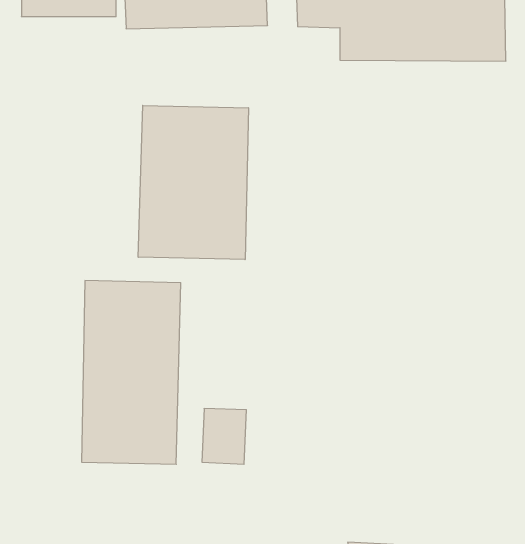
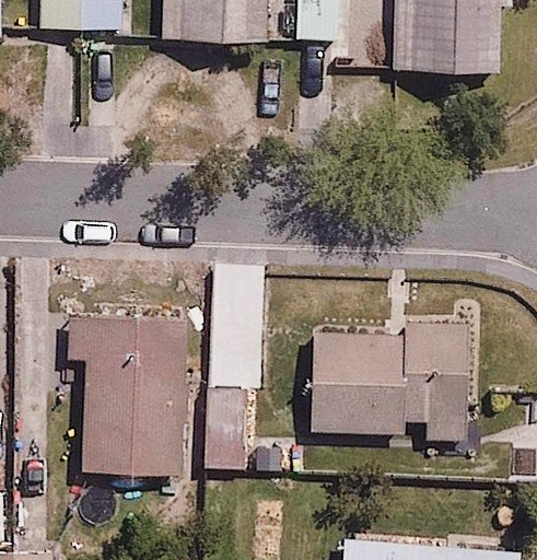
building: [138,105,248,260] -> none
building: none -> [305,324,469,439]

